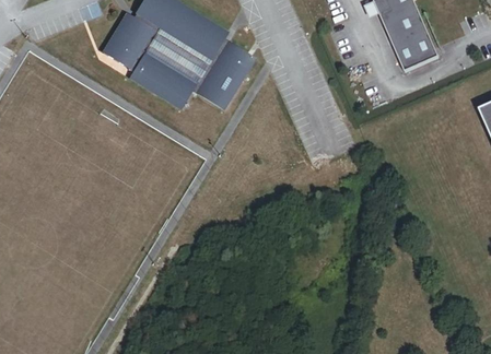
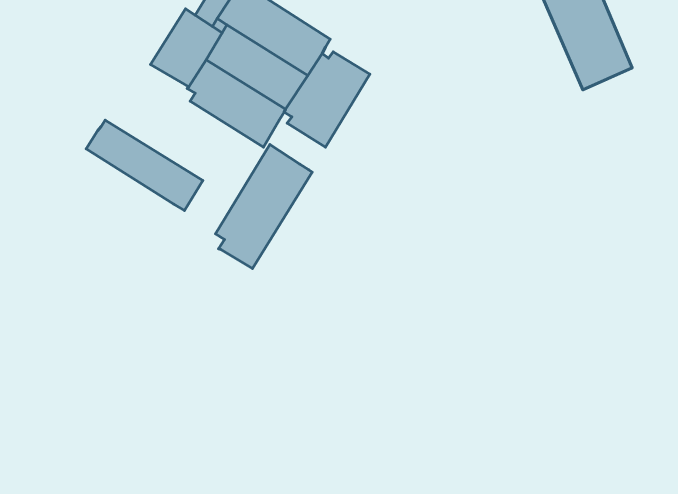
building: none -> [86,120,203,211]
building: none -> [216,145,312,268]

